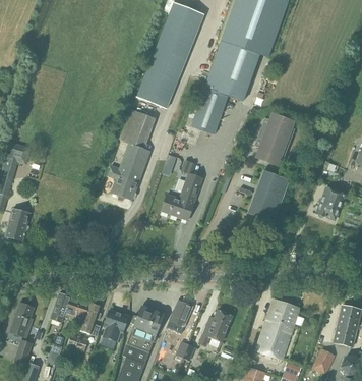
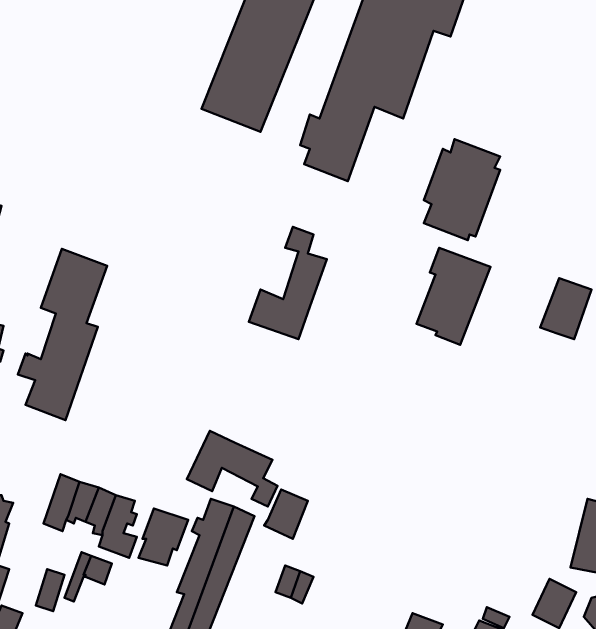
building: [107,108,155,200] -> [18,249,107,420]
building: none -> [187,431,277,506]
building: [255,298,299,359] -> none
building: [200,309,233,344] -> none

